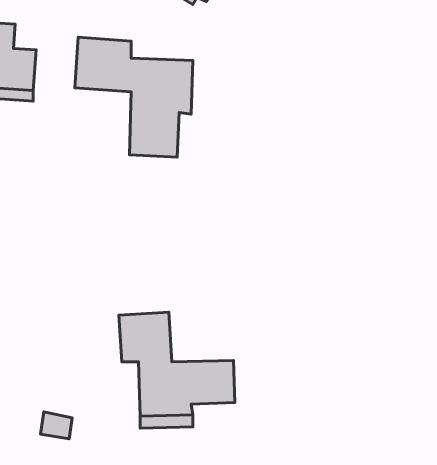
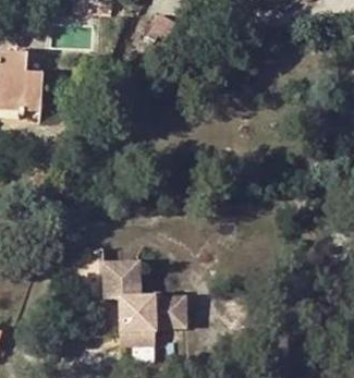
building: [75,37,193,157] -> none

